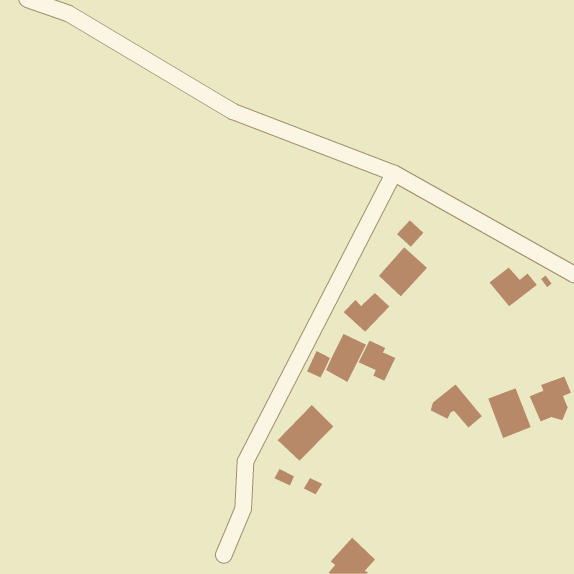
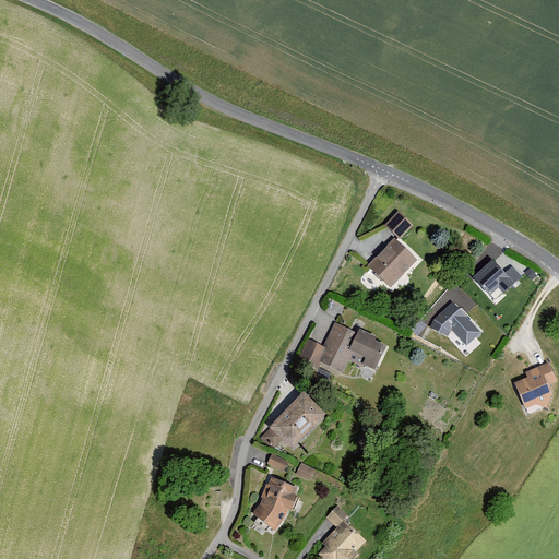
building: [343,292,390,332] -> none
building: [430,383,483,429] -> [429,300,480,344]
building: [487,388,532,439] -> none
building: none -> [251,477,298,531]

